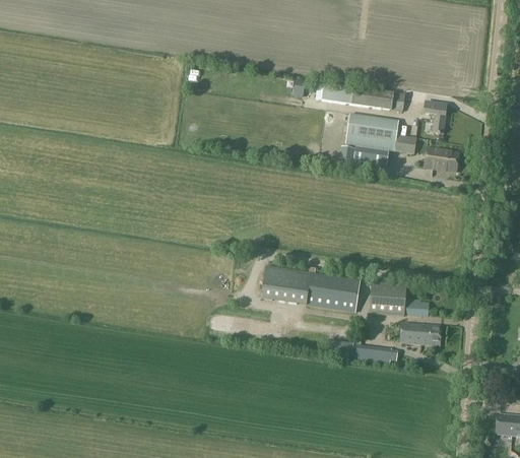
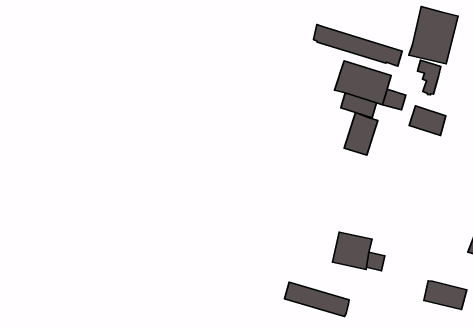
building: none -> [409,7,458,64]
building: none -> [344,112,378,155]
building: [262,265,361,311] -> none
building: [401,322,442,345] -> [424,281,467,310]

